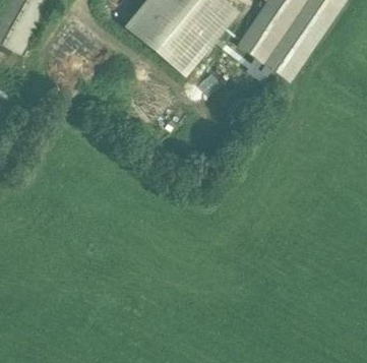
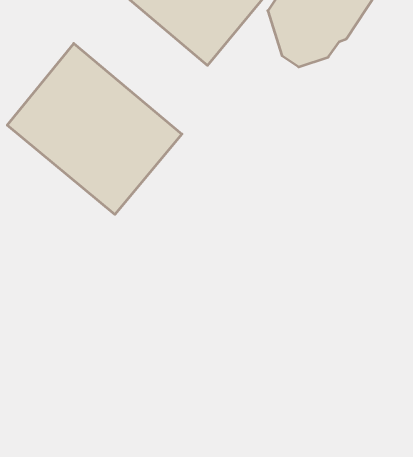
building: none -> [7,43,182,214]

